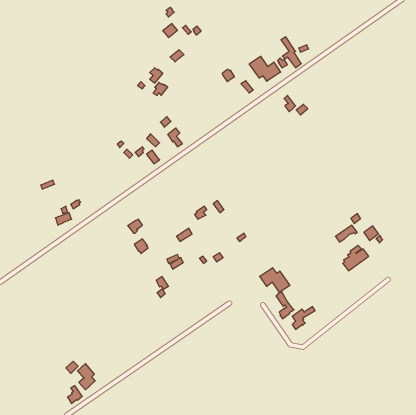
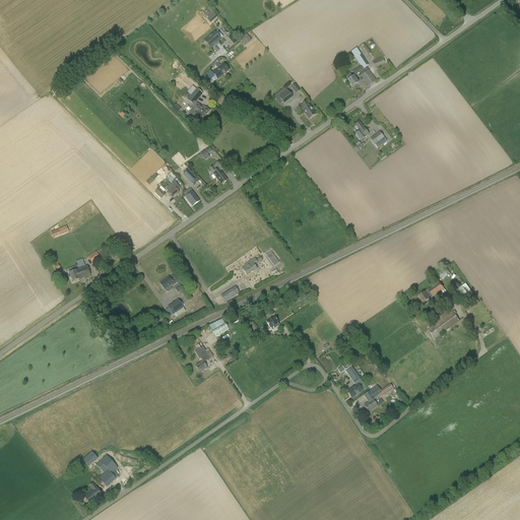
building: [249,56,281,81] -> none
building: [260,268,290,292] -> none

